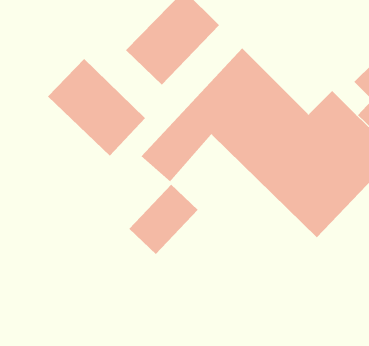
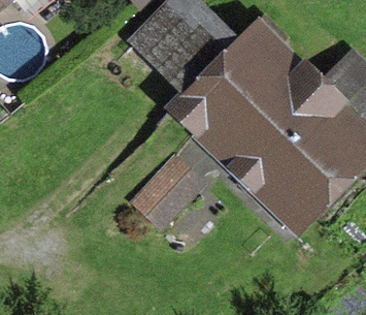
building: [47,58,146,157] -> none

